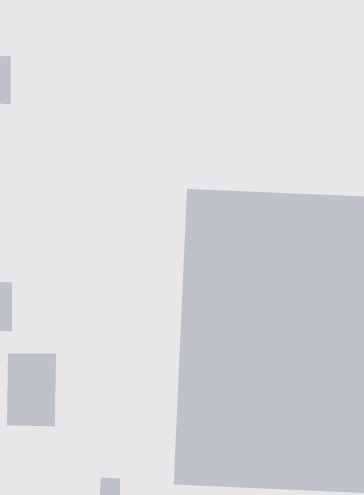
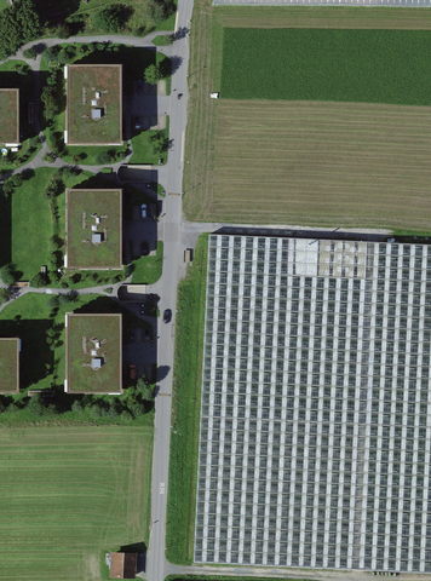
building: none -> [65,64,122,145]
building: none -> [68,189,122,265]
building: [6,353,57,427] -> [65,313,121,395]

